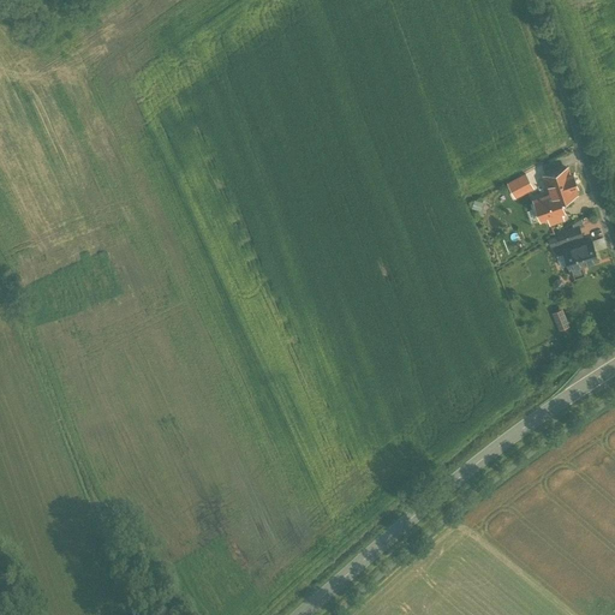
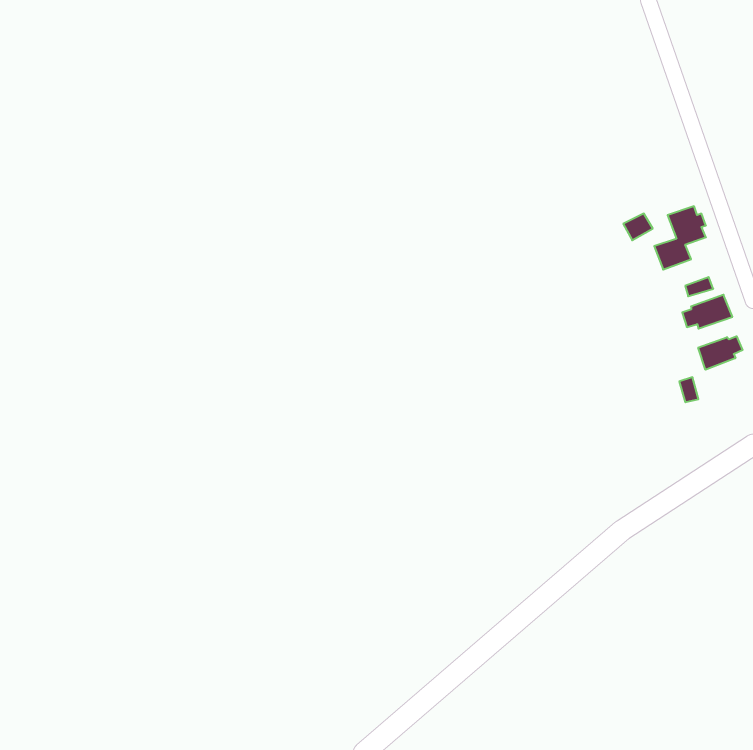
building: none -> [698,336,743,370]

